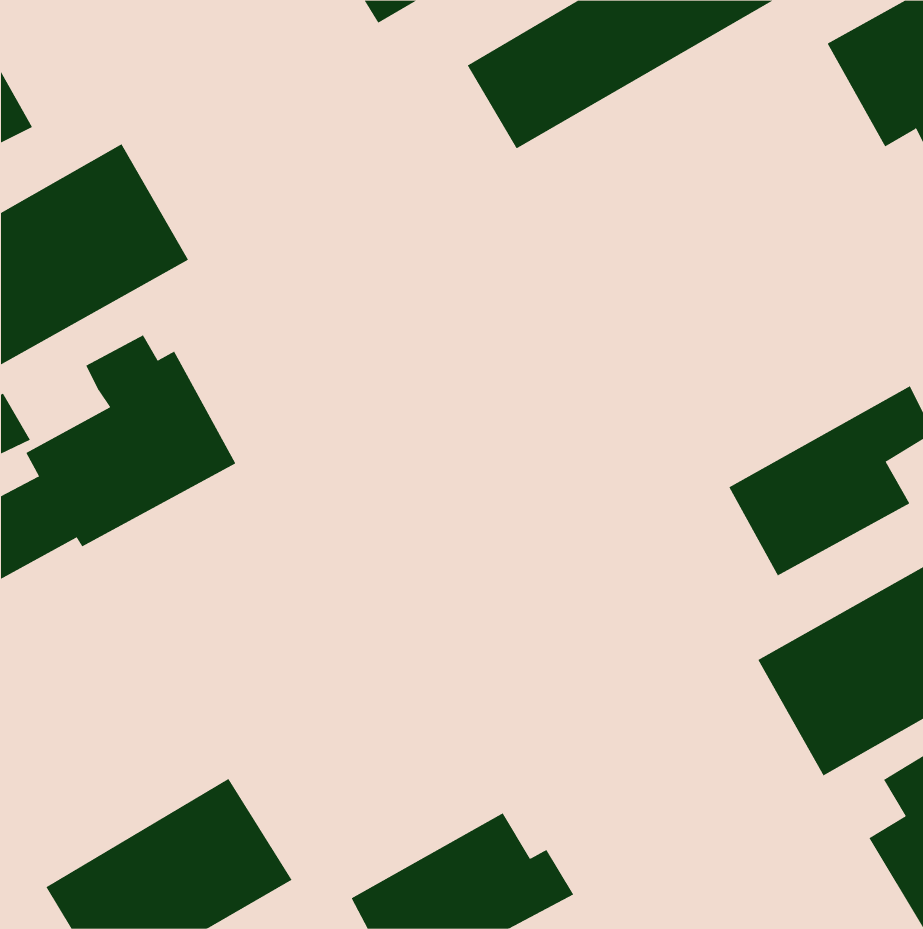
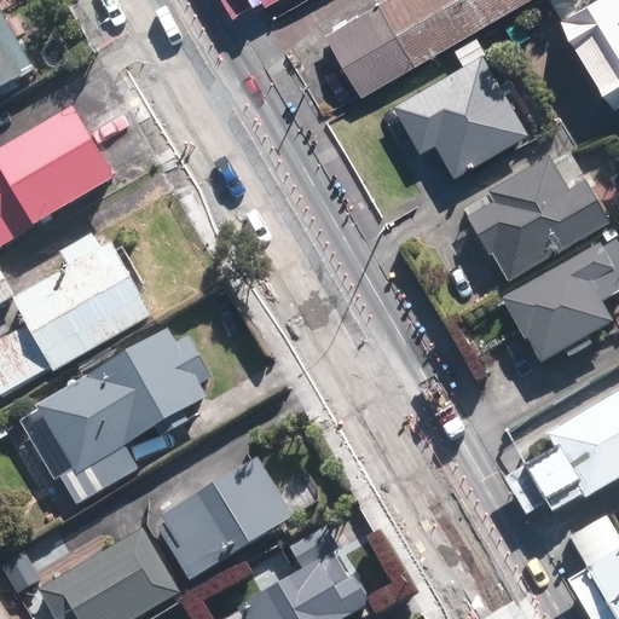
building: none -> [383,64,515,179]
building: none -> [444,167,602,299]
building: none -> [22,329,195,513]
building: none -> [166,442,316,572]

